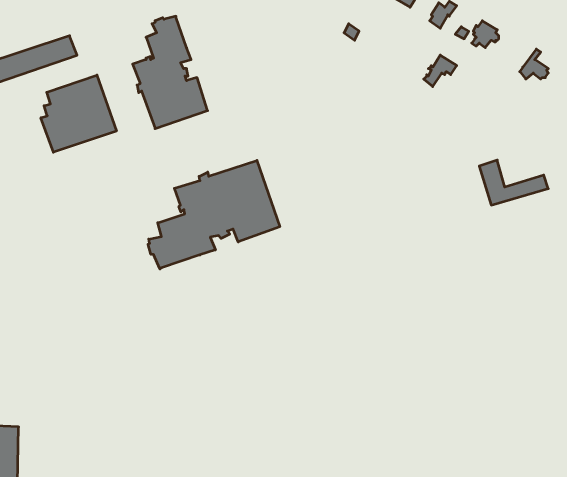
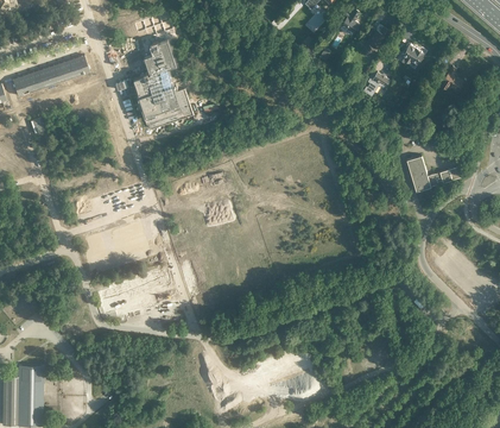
building: [41,75,116,152] -> none
building: [148,160,280,269] -> none

